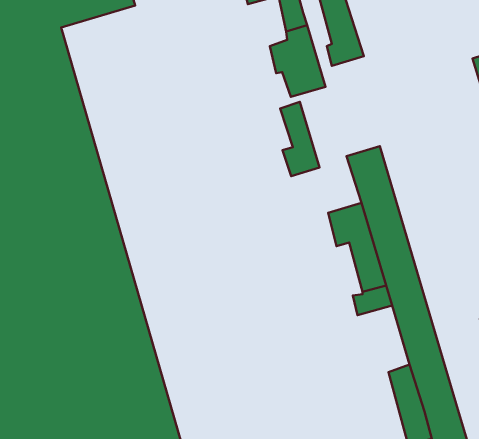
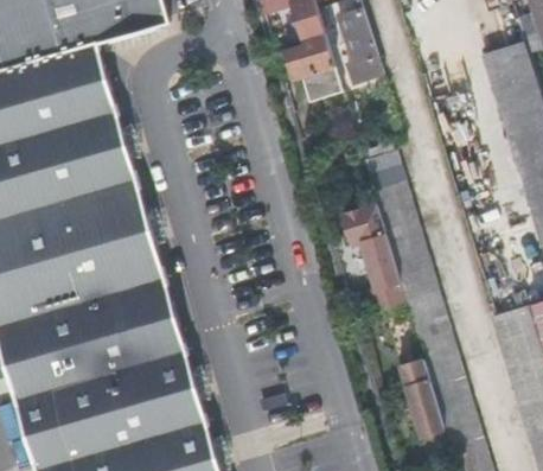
building: [280,102,320,176] -> none

